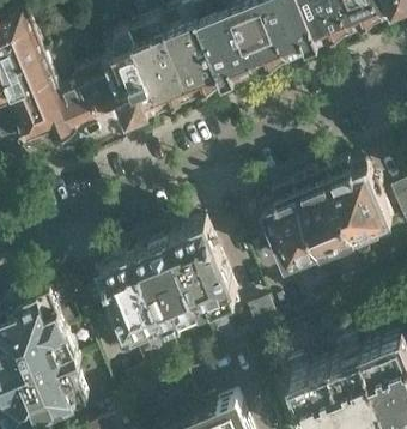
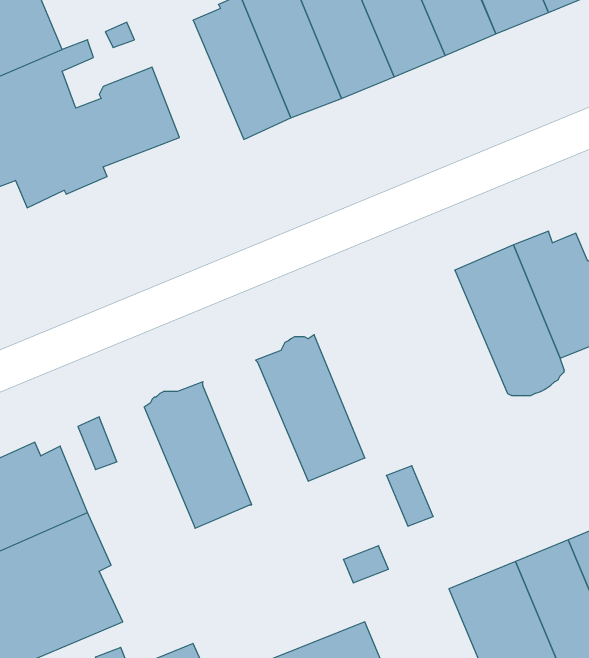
building: [98,30,162,119] -> none
building: [259,186,323,276] -> none
building: [136,242,202,332] -> none

